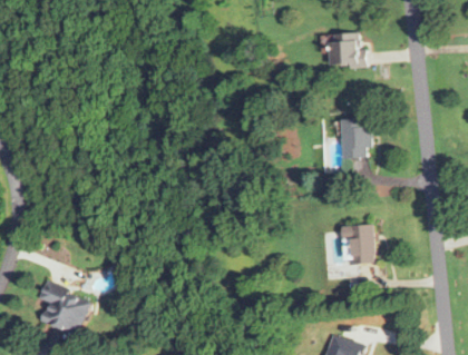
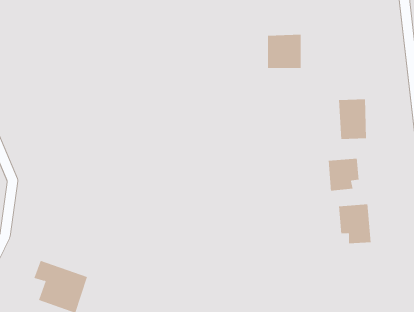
building: [329,32,363,67] -> [267,34,301,69]
building: none -> [328,158,359,192]

